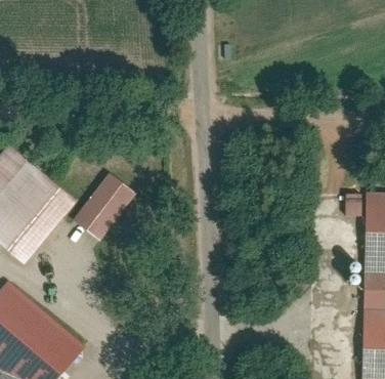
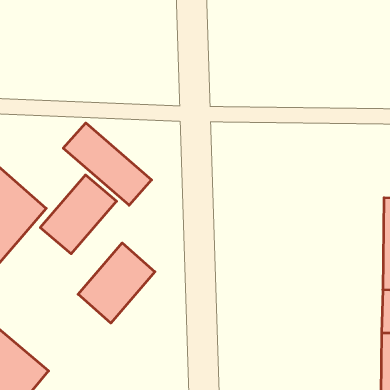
building: none -> [63,123,152,205]
building: none -> [78,243,155,323]

